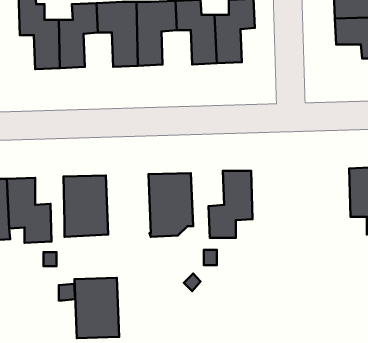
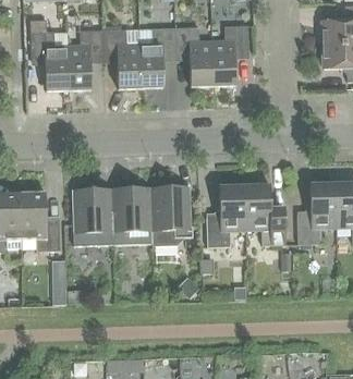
building: none -> [296,183,336,245]
building: none -> [244,184,284,246]
building: [74,278,119,338] -> [110,188,151,244]

